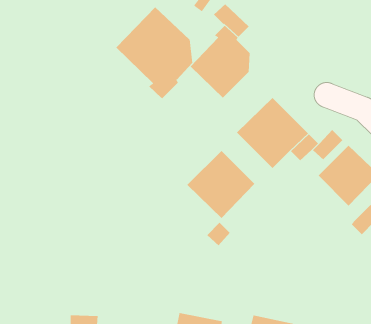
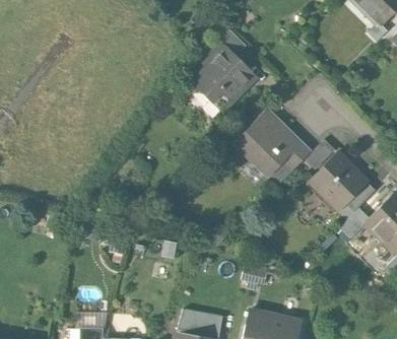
building: [116,7,193,100] -> none
building: [186,150,255,219] -> none

